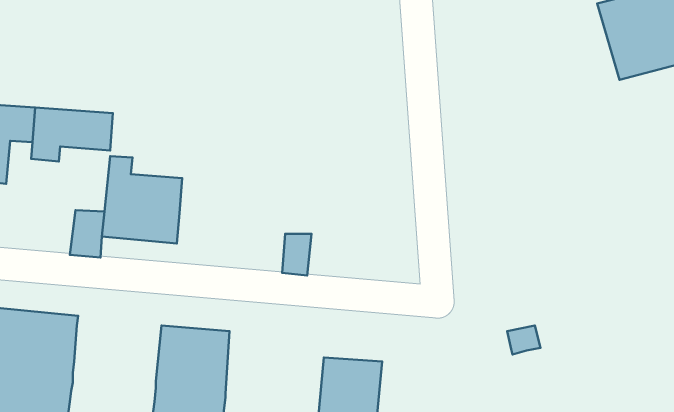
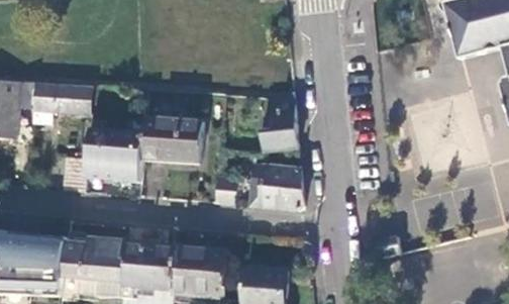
building: none -> [263,91,297,150]
building: none -> [140,116,200,162]
building: none -> [249,165,302,210]
building: none -> [62,236,127,296]
building: none -> [174,244,227,298]

